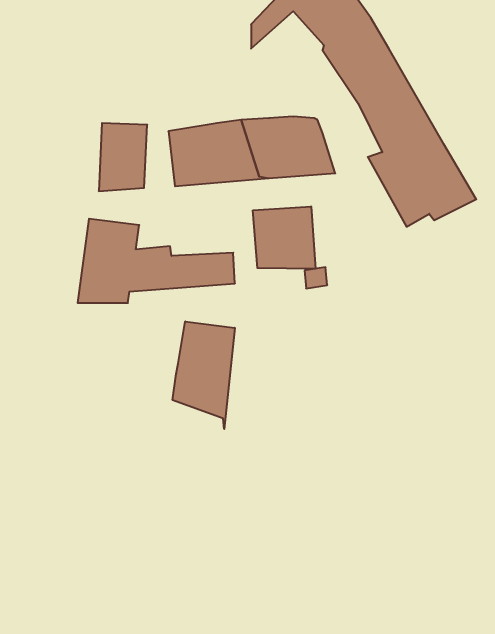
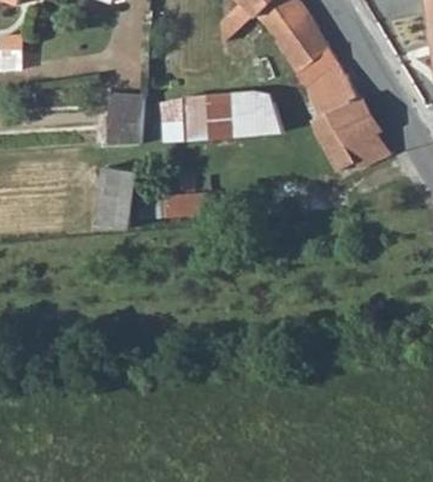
building: [253,206,316,269] -> none
building: [173,321,235,429] -> none

